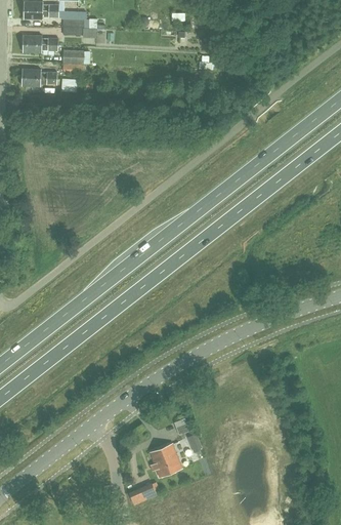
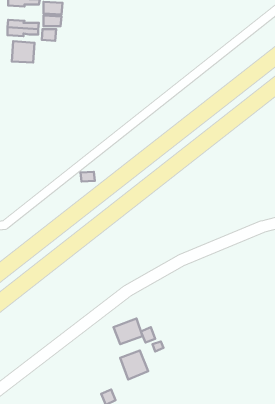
building: none -> [12,41,35,62]
building: none -> [114,319,142,344]

